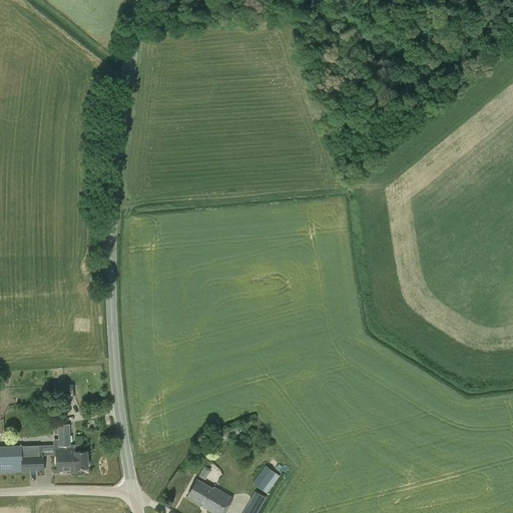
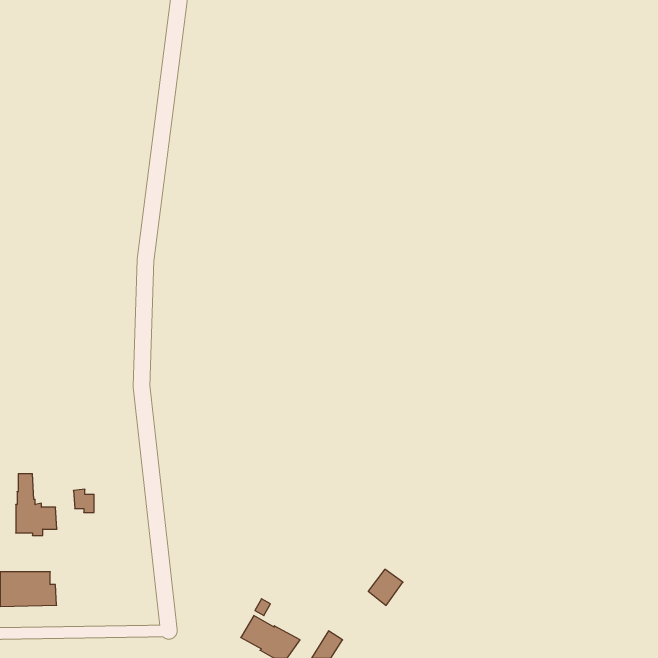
building: [56,425,88,473] -> [16,474,57,535]
building: [252,466,280,494] -> [368,569,403,605]

